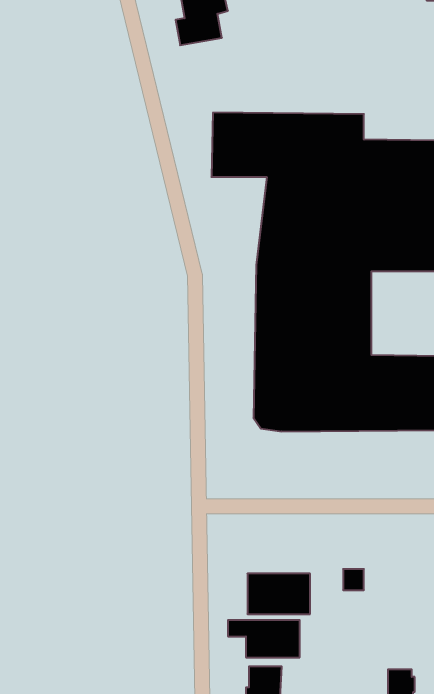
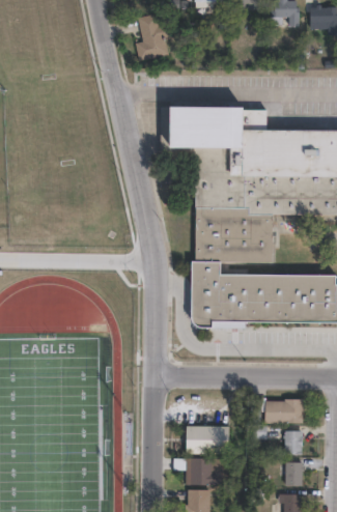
building: none -> [250,396,303,422]
building: none -> [284,429,303,453]
building: none -> [284,460,304,485]

